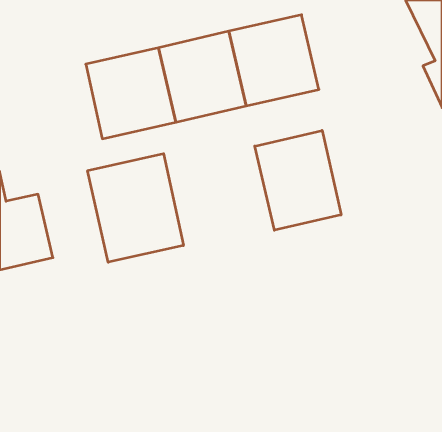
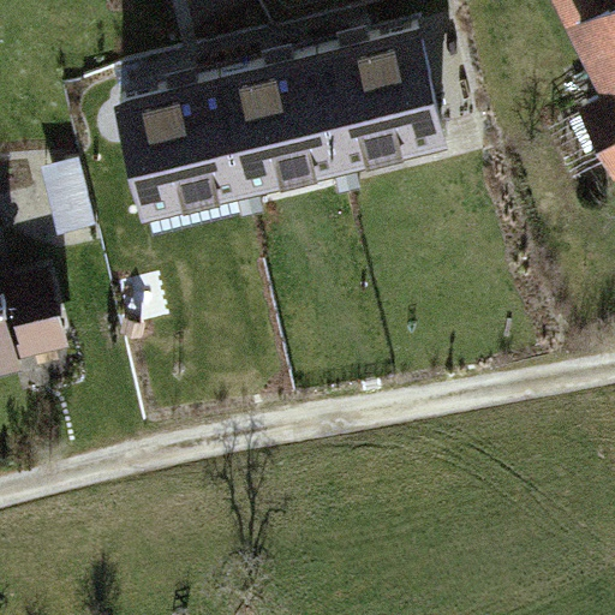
building: [255,130,341,230] -> none
building: [88,154,183,262] -> none

